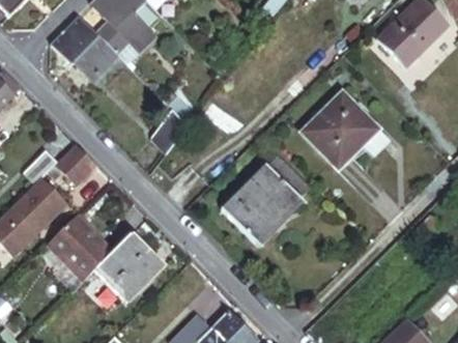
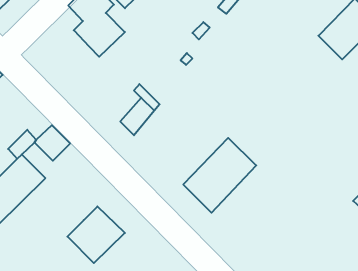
building: [51,17,117,80] -> none
building: [299,92,390,172] -> none
building: [45,215,111,281] -> none

